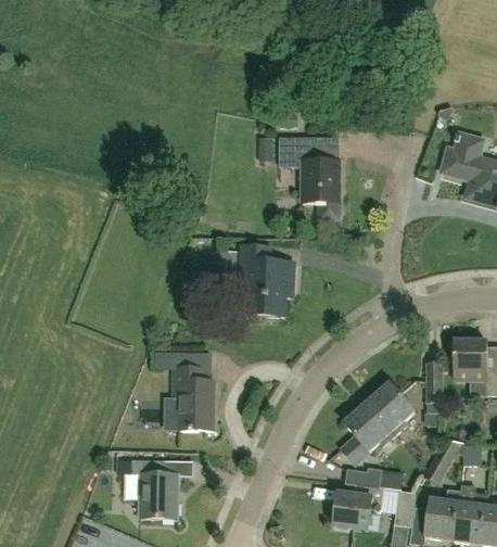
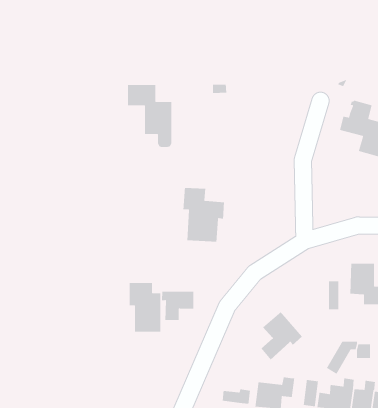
building: [280,137,337,218] -> [127,84,172,148]
building: none -> [161,291,194,321]
building: [366,383,413,435] -> none
building: [116,458,177,517] -> none
building: [344,467,381,487] -> [222,388,251,405]

